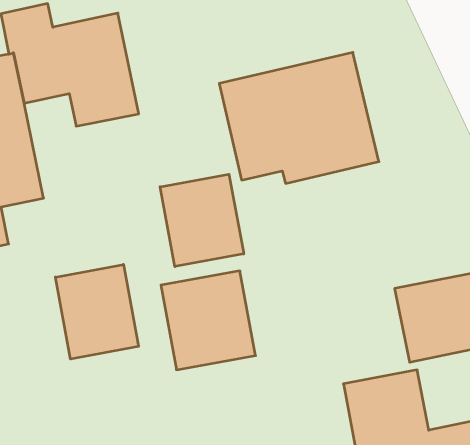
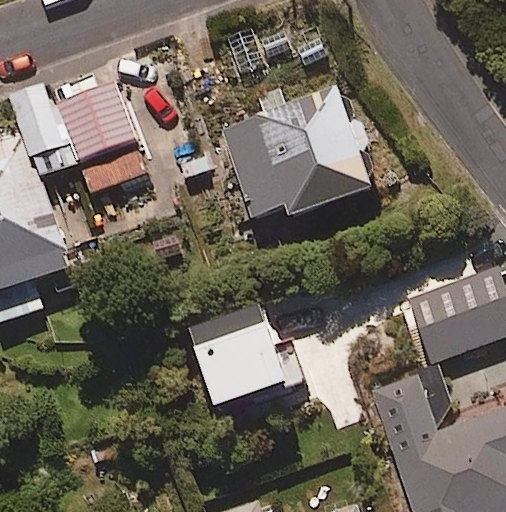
building: [160,174,244,267] -> none
building: [55,264,139,359] -> none

